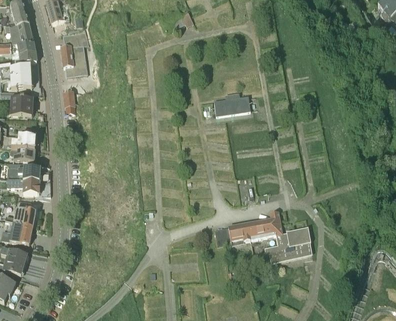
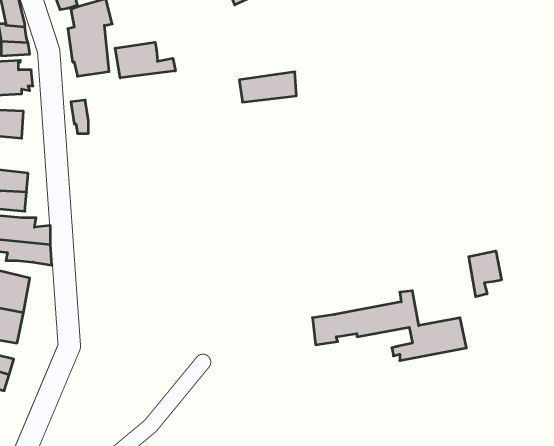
building: none -> [115,42,175,78]
building: [214,95,250,114] -> [239,72,296,102]
building: none -> [469,251,501,297]

